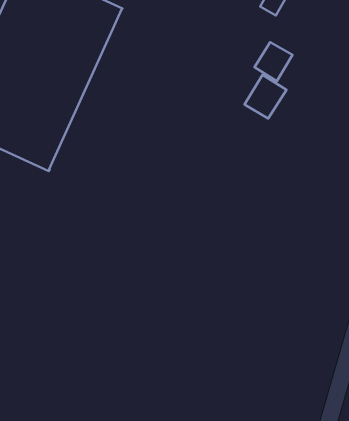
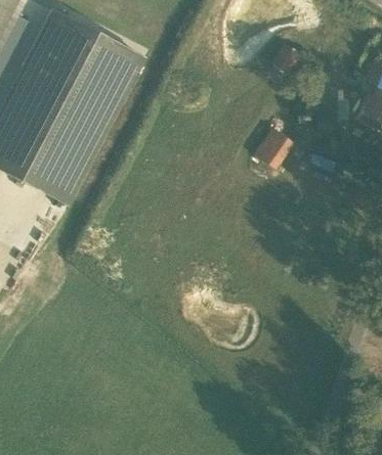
building: [254,42,293,81] -> none

